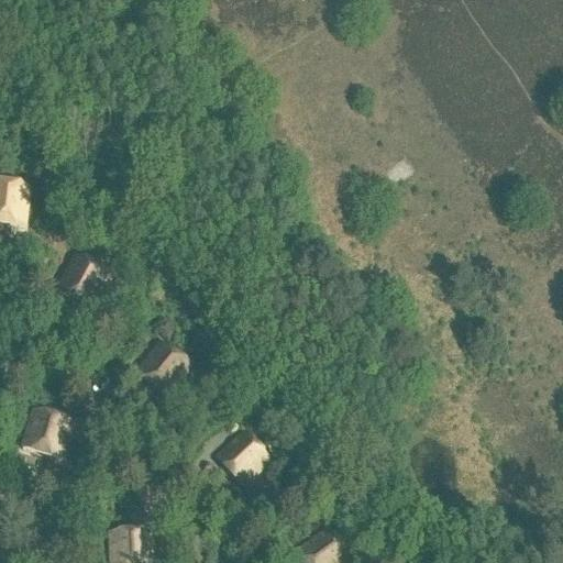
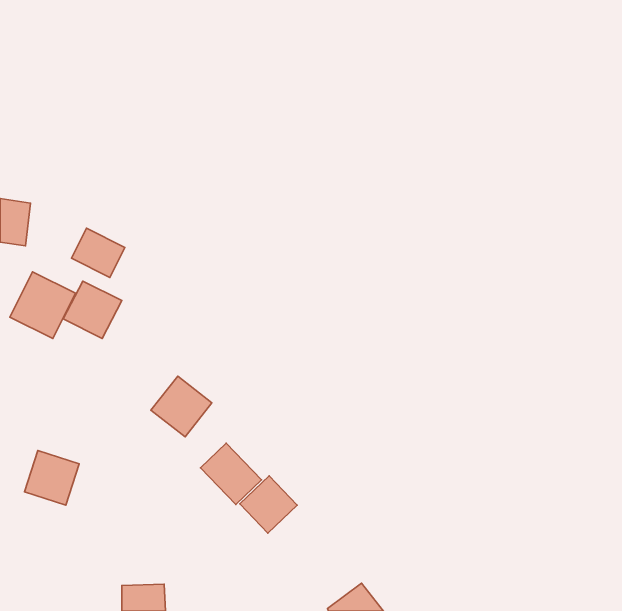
building: none -> [72,228,125,277]
building: none -> [10,272,76,339]
building: none -> [201,443,261,505]

